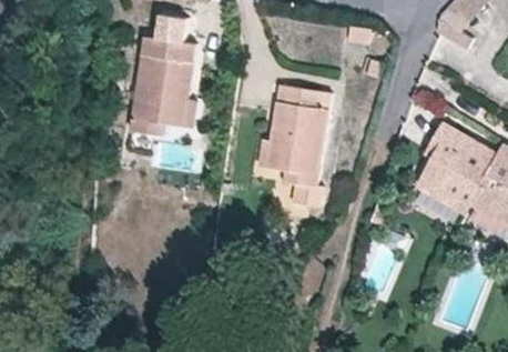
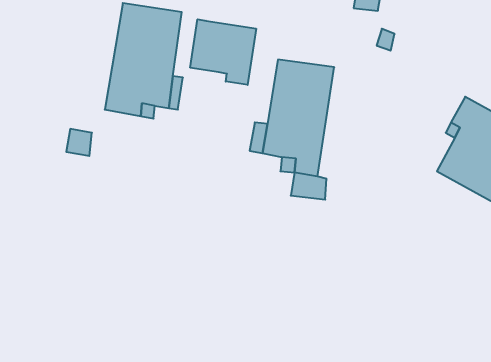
building: none -> [190,19,256,85]

